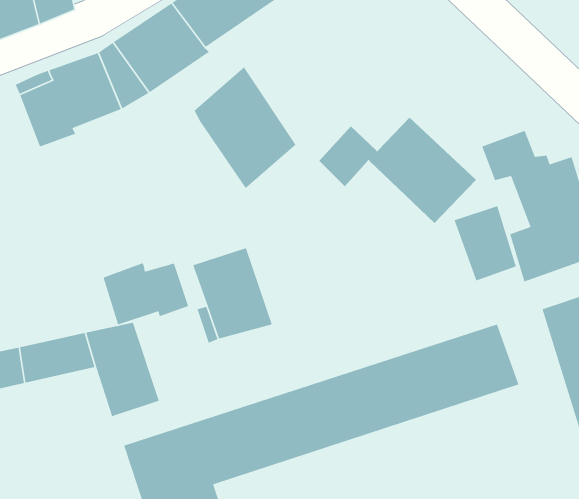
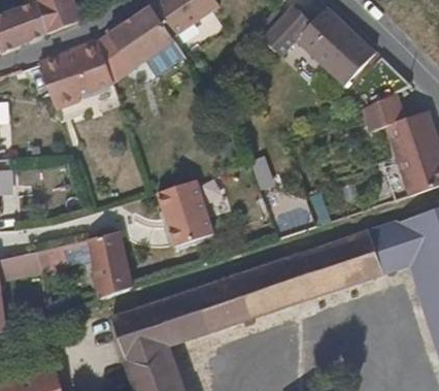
building: [193,66,296,189] -> none
building: [319,117,477,224] -> [262,14,373,90]
building: [454,205,517,281] -> [372,223,416,276]
building: [102,262,189,325] -> none

